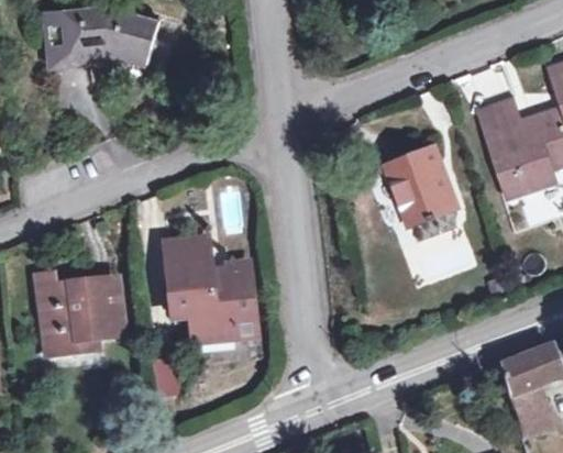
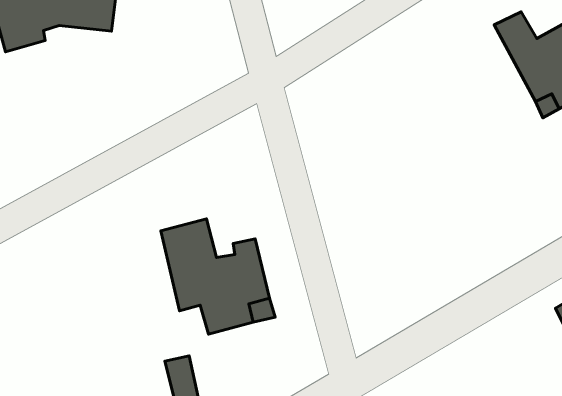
building: [385,143,456,224] -> none
building: [33,278,120,356] -> none

